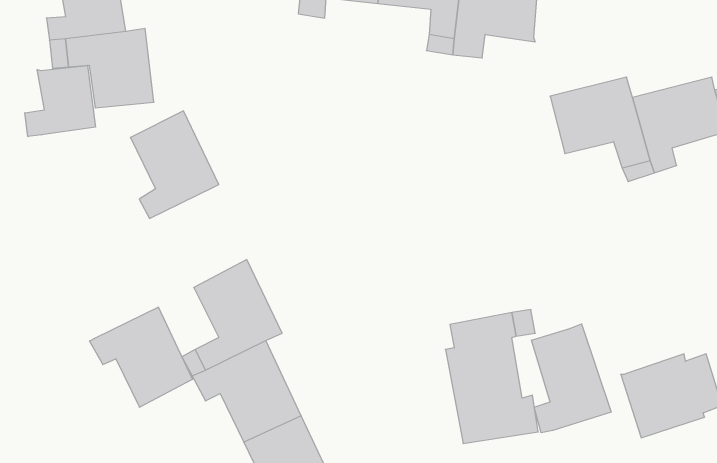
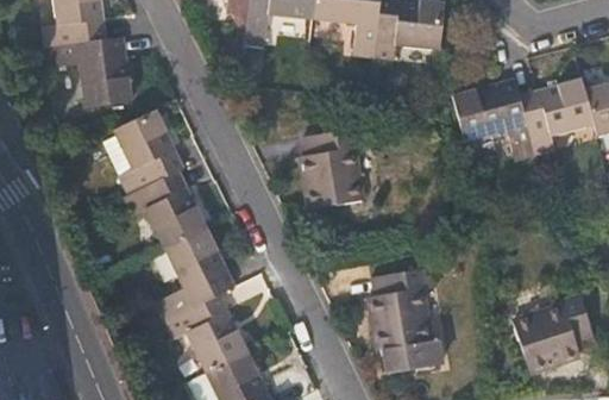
building: [25,65,95,137] -> none
building: none -> [299,130,362,211]
building: [89,307,193,407] -> [124,168,207,249]
building: [532,324,611,433] -> none

